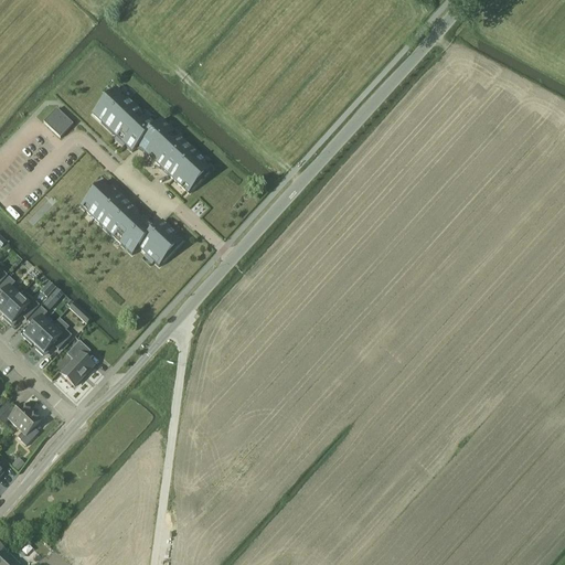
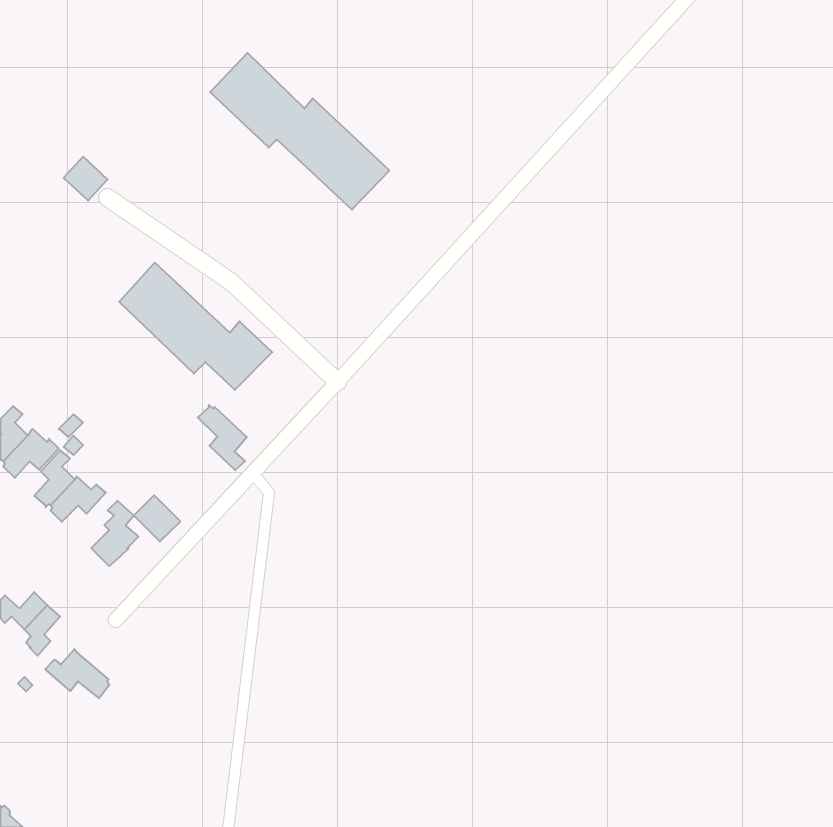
building: [92,85,213,191] -> [210,53,389,210]
building: none -> [198,405,247,470]
building: none -> [134,495,180,542]
building: none -> [45,649,109,698]

